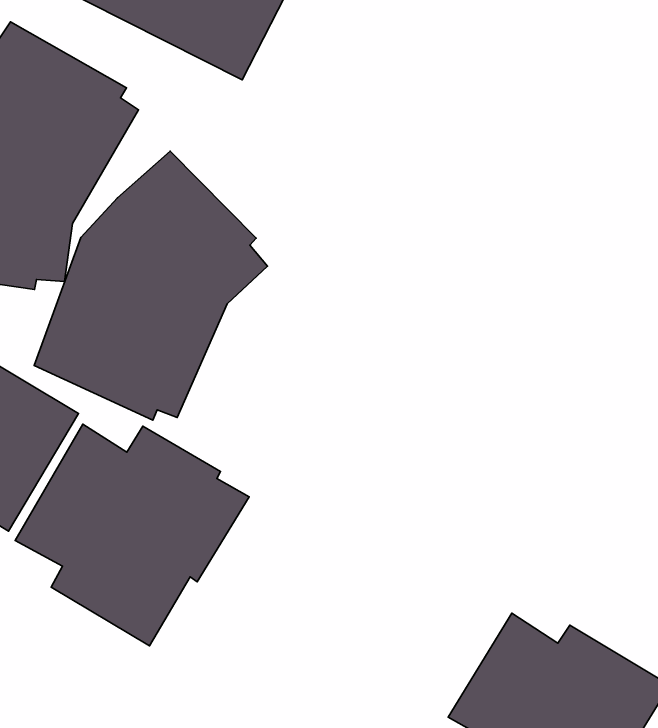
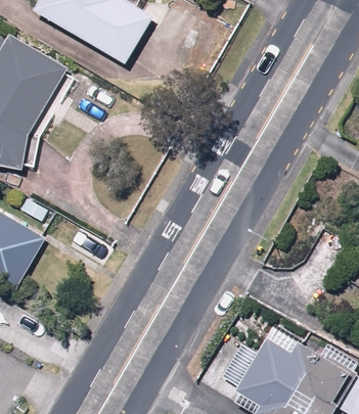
building: [34,151,268,420] -> none
building: [15,424,249,646] -> none

